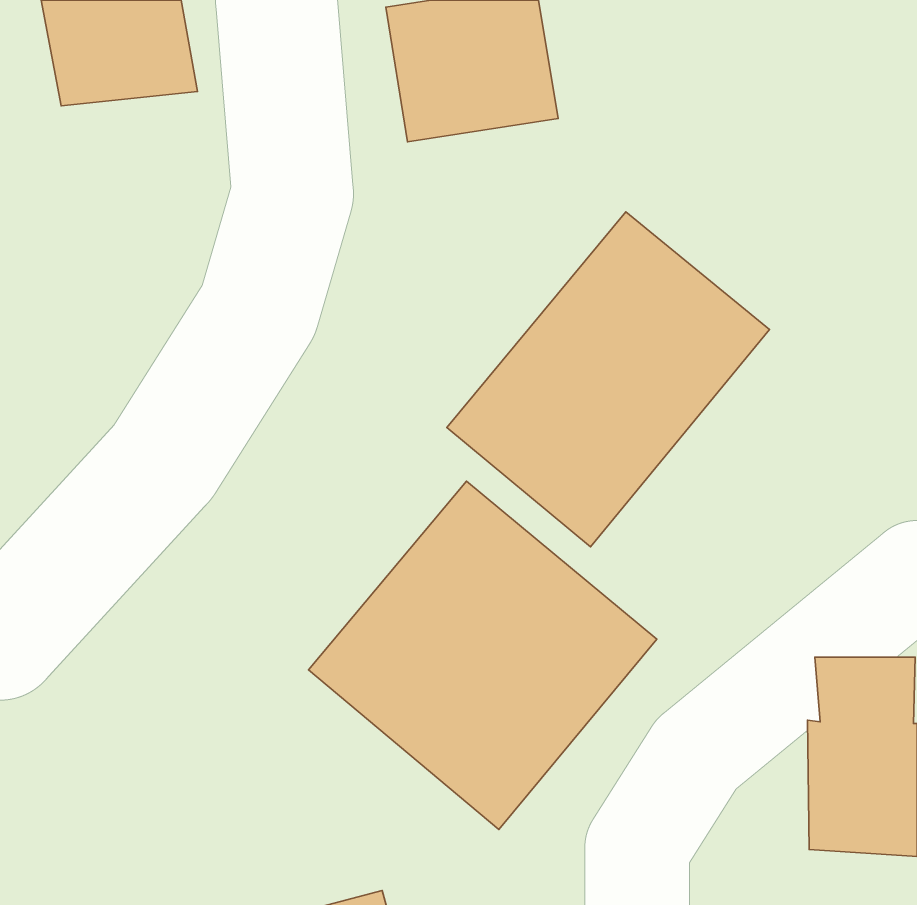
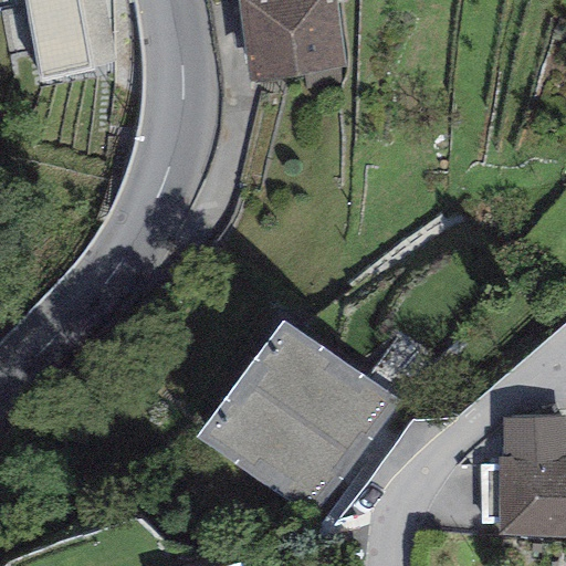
building: [447,212,769,547] -> none

